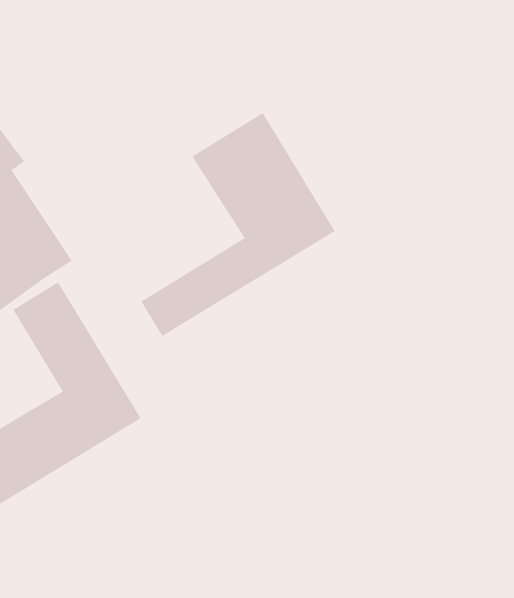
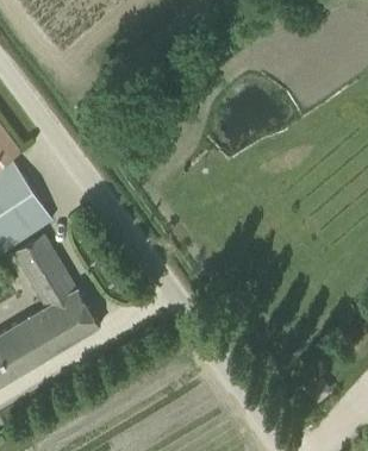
building: [141,112,335,337] -> none

